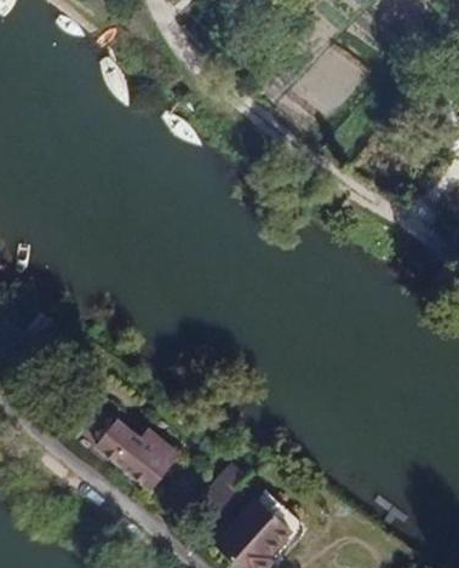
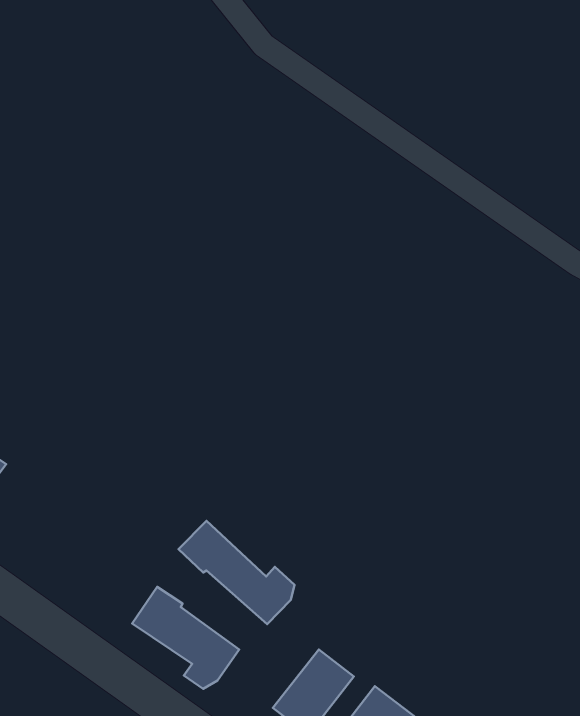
building: none -> [178,521,294,624]

